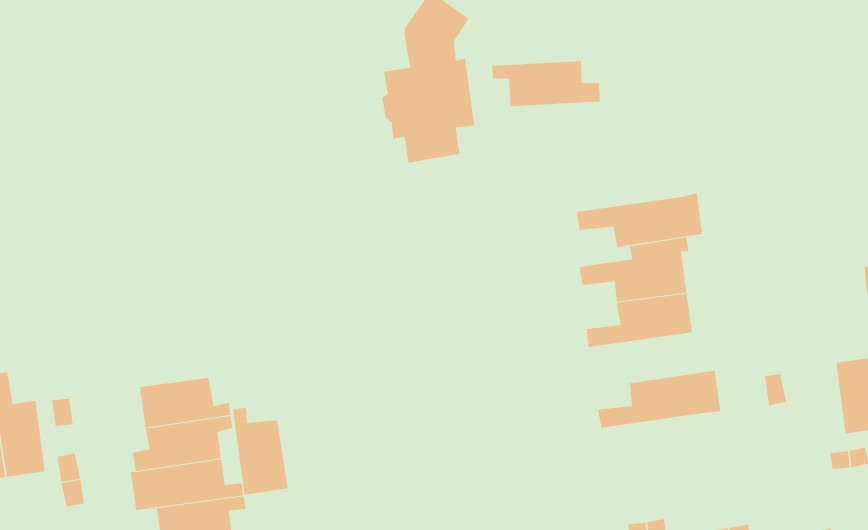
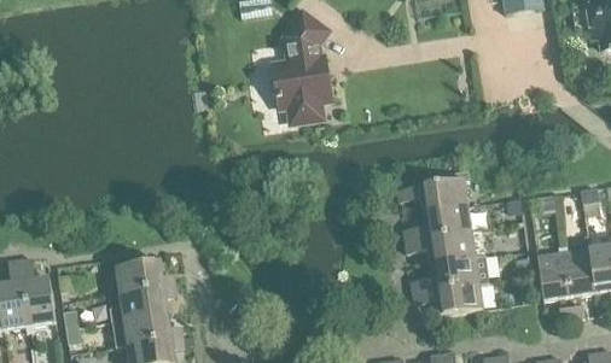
building: [492,60,600,107] -> none
building: [575,193,703,247] -> [403,228,485,263]
building: none -> [536,250,569,299]
building: [233,407,288,496] -> none
building: none -> [412,282,482,315]

